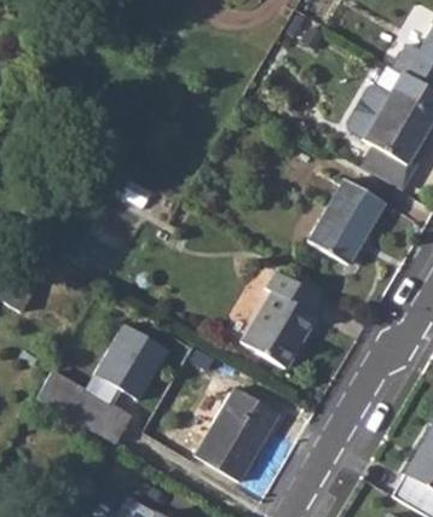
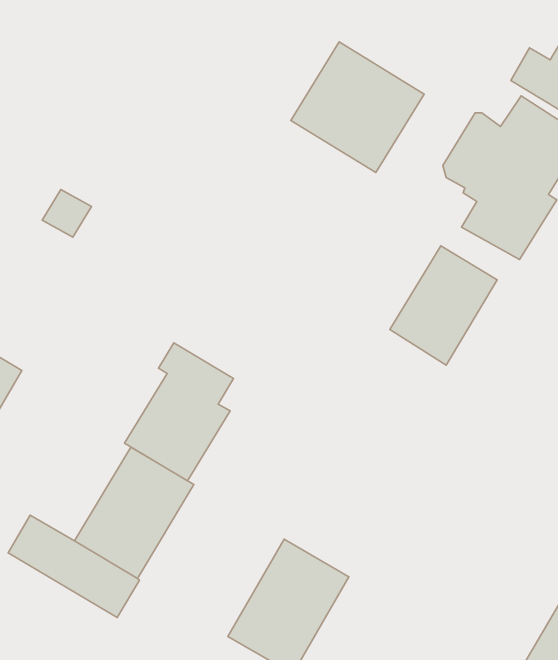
building: none -> [291,42,424,173]
building: [239,271,317,368] -> [124,343,234,481]

